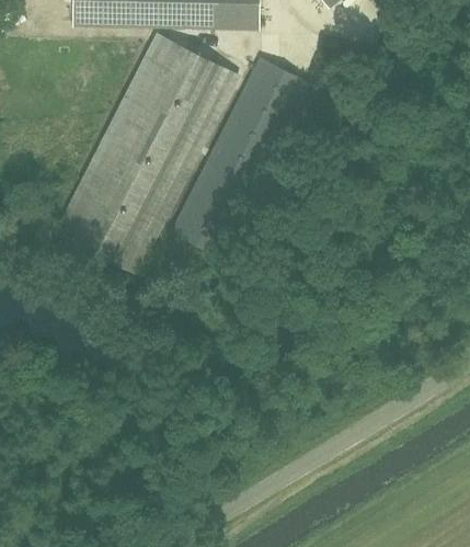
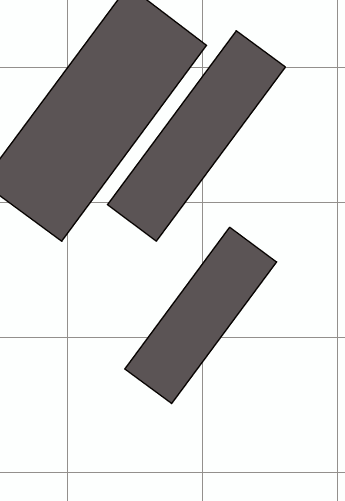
building: none -> [125,227,277,404]

